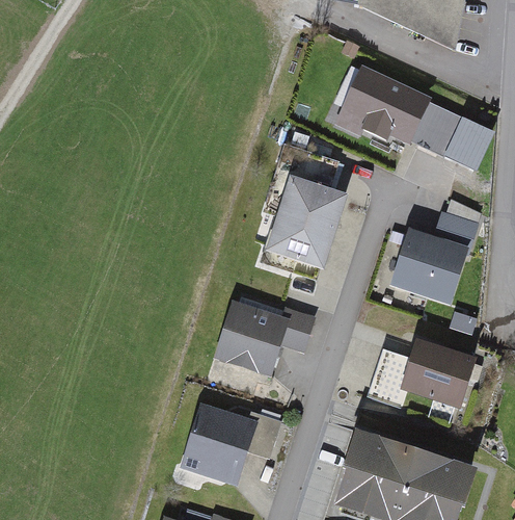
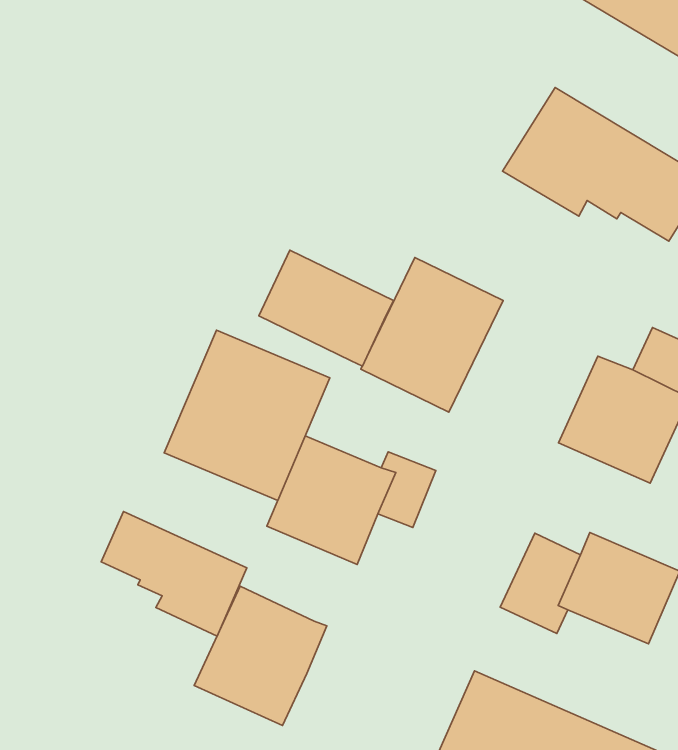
building: none -> [259,250,394,366]
building: none -> [164,330,330,501]
building: none -> [101,512,247,636]
building: [249,409,281,454] -> none

